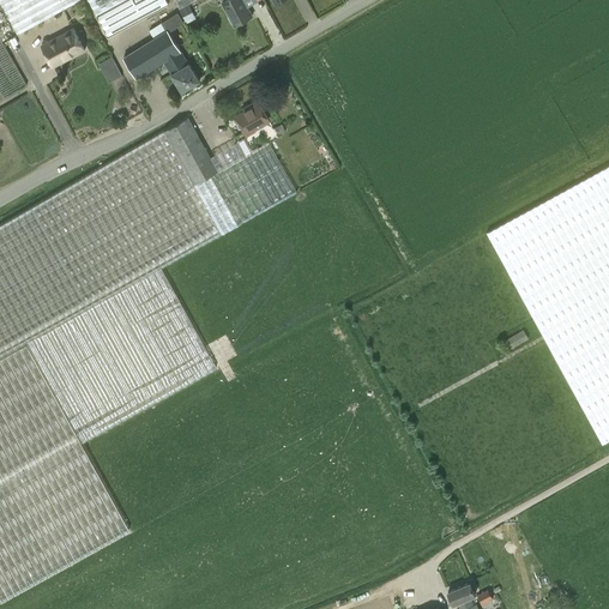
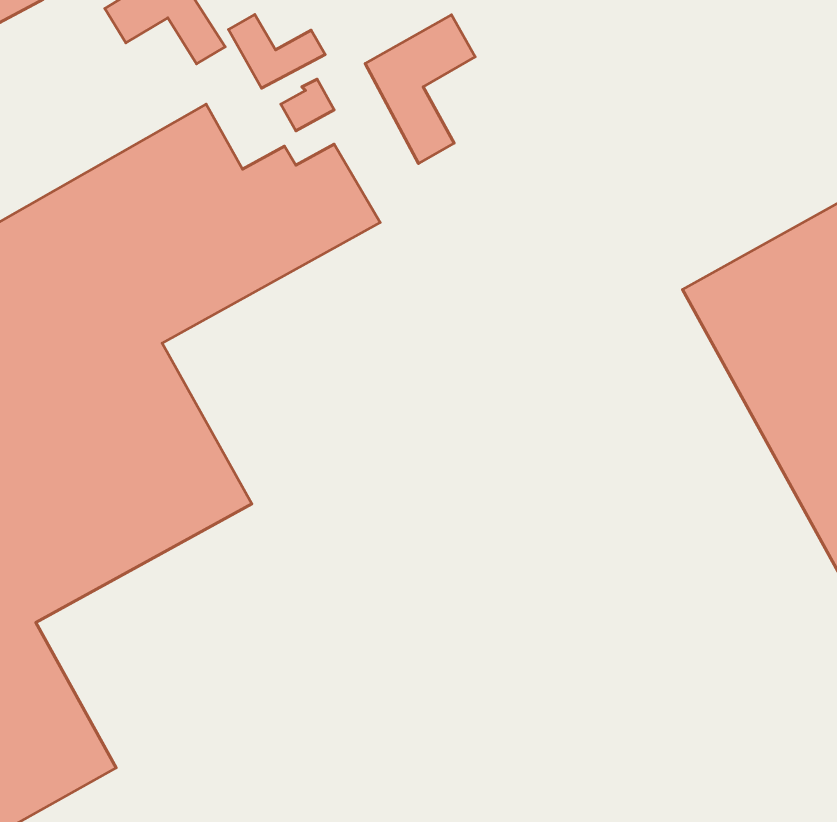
building: none -> [228,14,325,88]
building: none -> [365,15,475,164]

